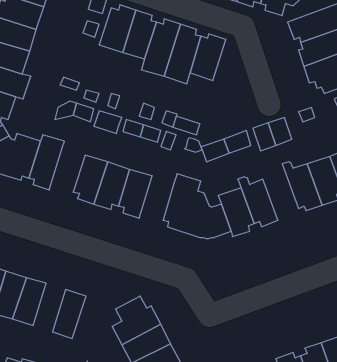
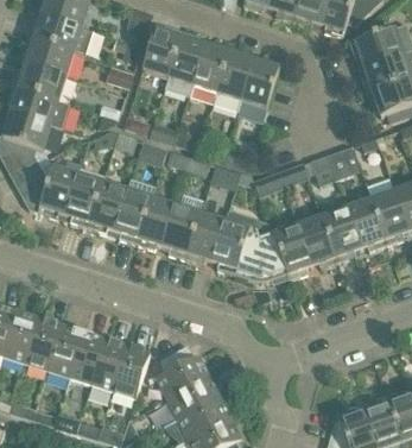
building: none -> [88,181,127,233]
building: none -> [322,198,361,260]
building: none -> [186,212,224,264]
building: none -> [70,329,106,383]
building: none -> [113,343,151,397]

